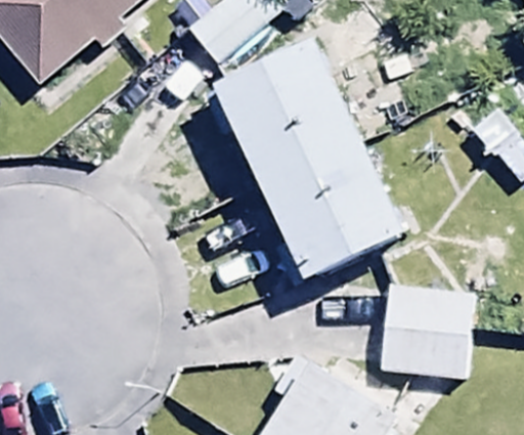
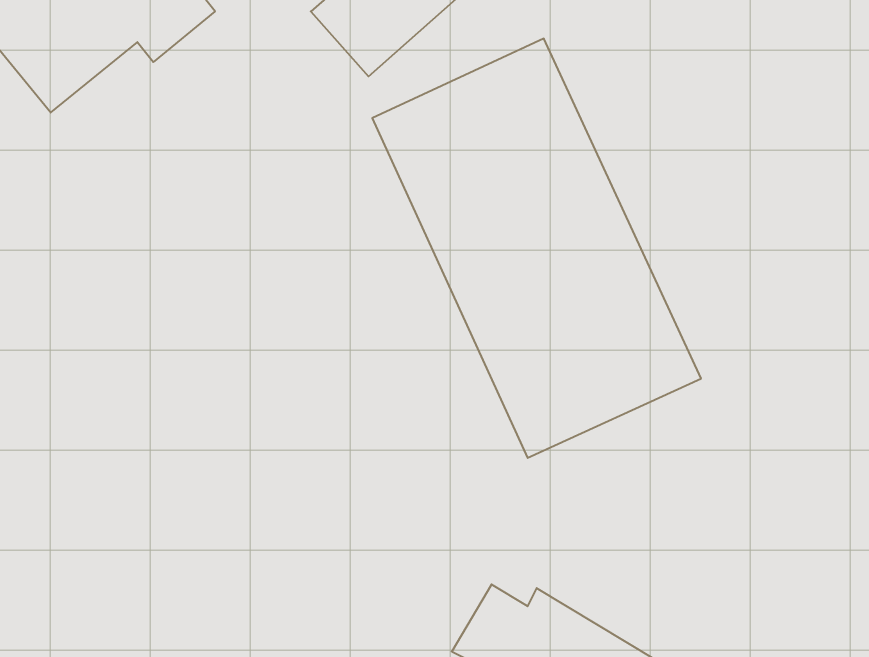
building: [372,285,473,385] -> none

